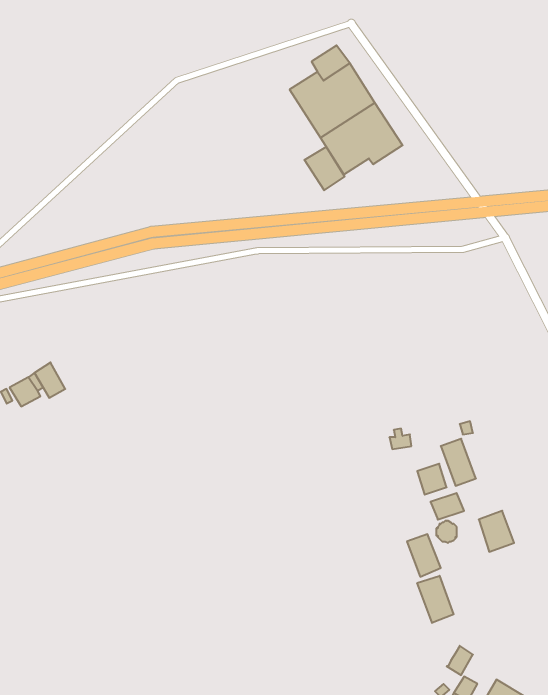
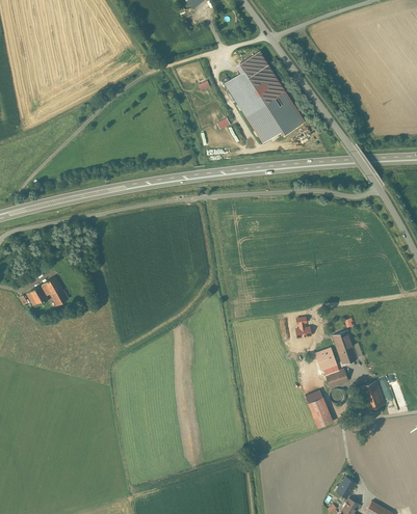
building: [304,147,345,190] -> none
building: [417,576,454,623] -> none

